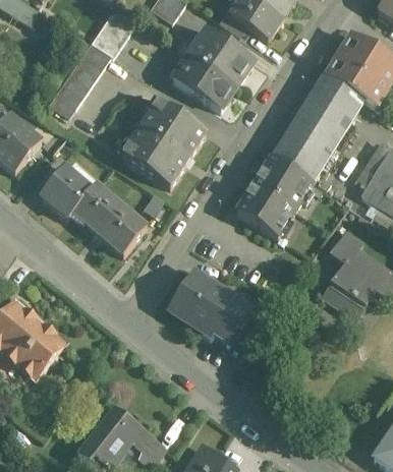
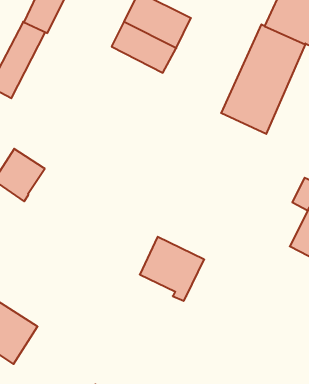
building: [121,100,206,186] -> none
building: [237,157,313,238] -> none
building: [72,182,147,254] -> none
building: [214,298,250,341] -> none

